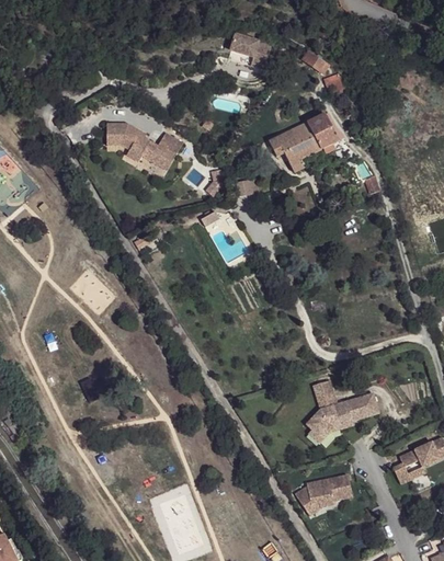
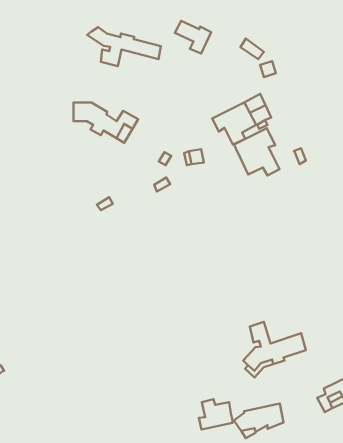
building: none -> [87,27,161,66]
building: none -> [234,128,280,176]
building: none -> [199,399,233,429]

